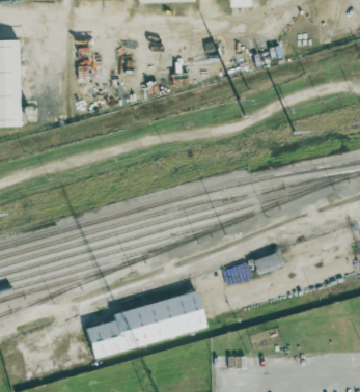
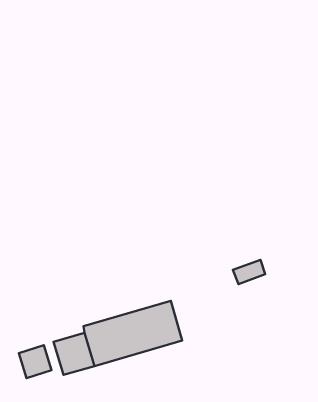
building: none -> [19,345,51,378]

